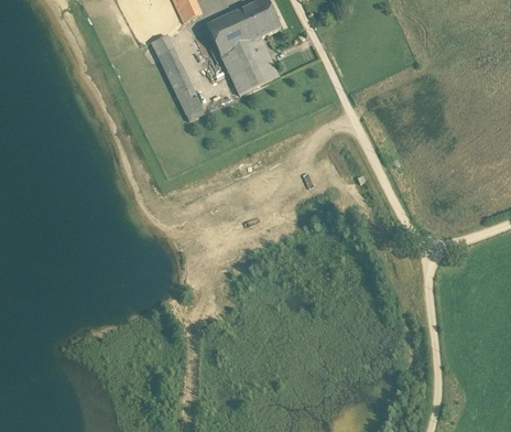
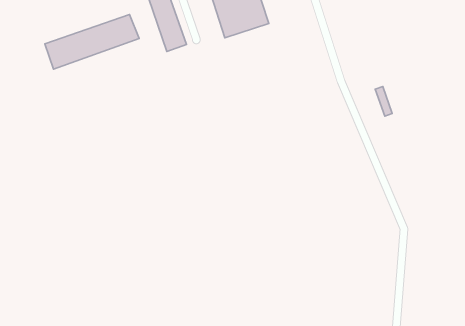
building: none -> [45,14,139,69]

